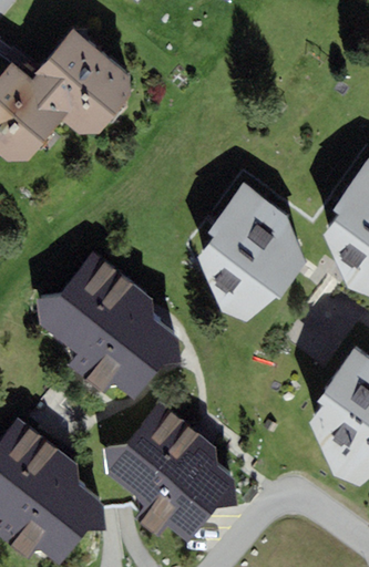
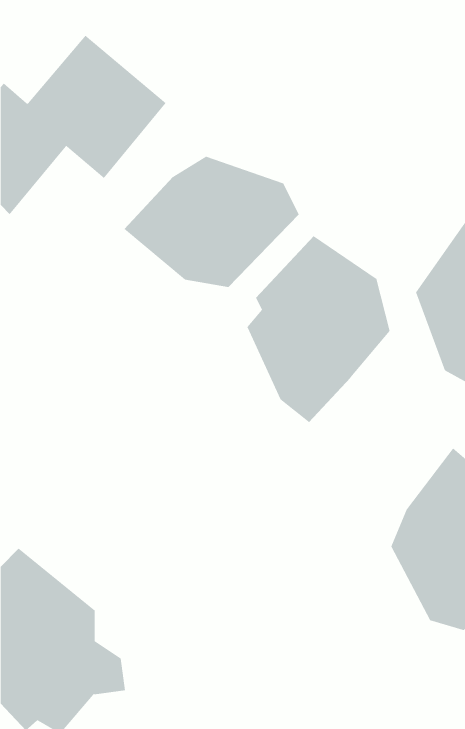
building: none -> [124,156,299,288]
building: [37,254,177,394] -> none
building: [103,403,234,543] -> none

